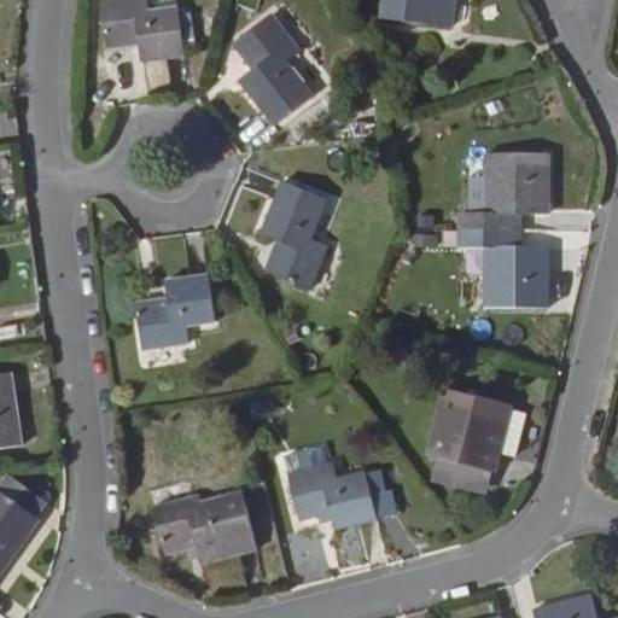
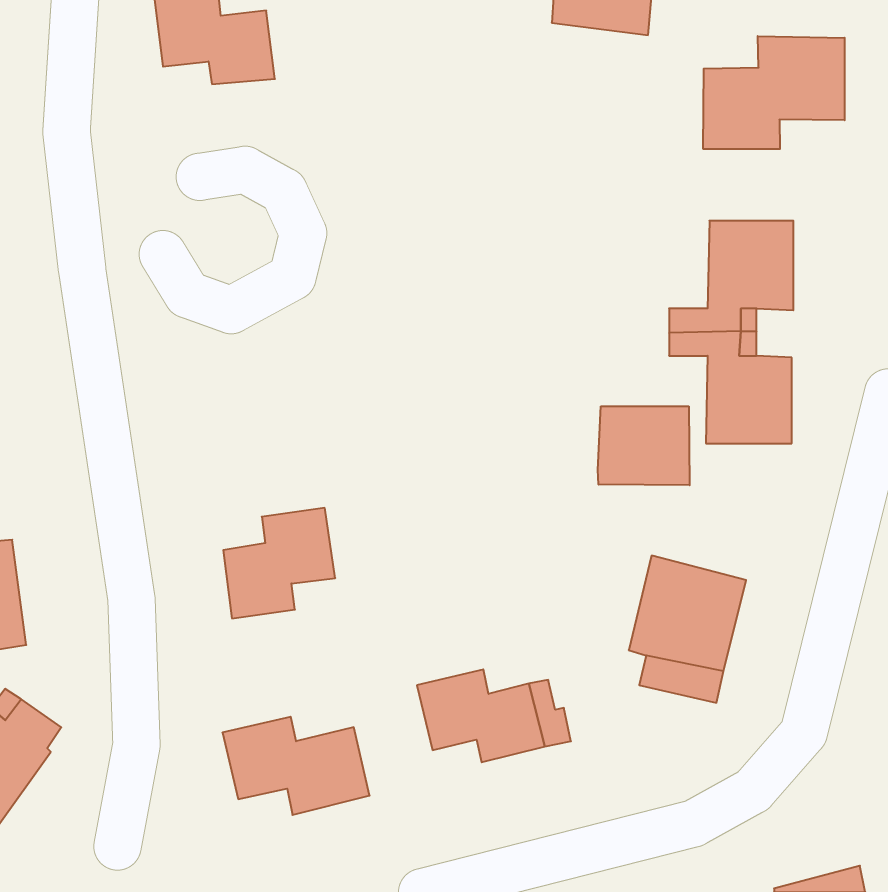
building: [234,14,310,124] -> none
building: none -> [703,36,845,149]
building: [257,185,325,291] -> none
building: [132,275,209,351] -> [223,508,335,618]
building: none -> [598,406,690,485]

